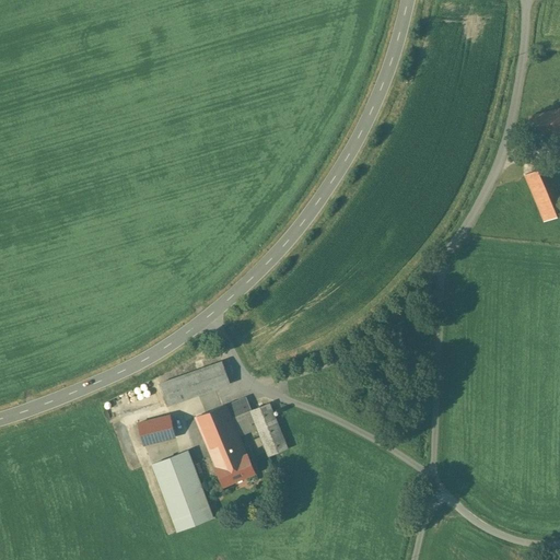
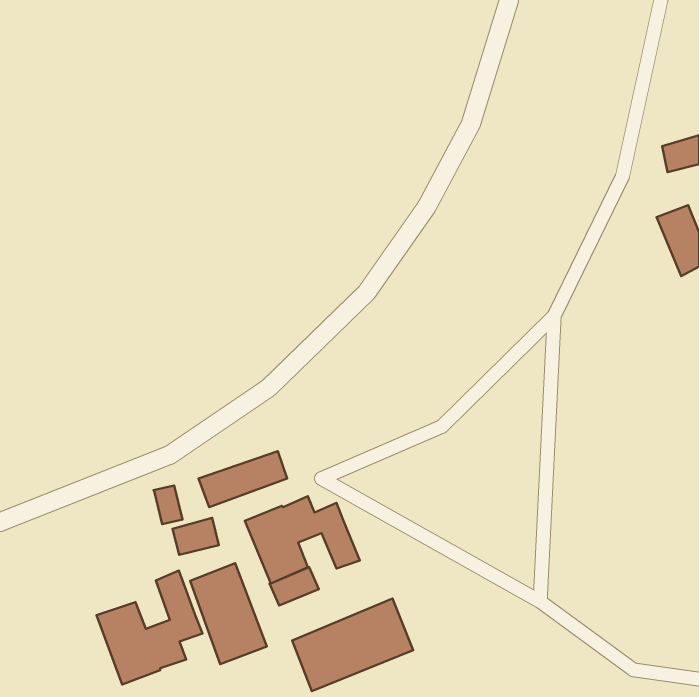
building: none -> [154,485,183,524]
building: none -> [96,571,202,685]
building: none -> [292,598,413,691]

